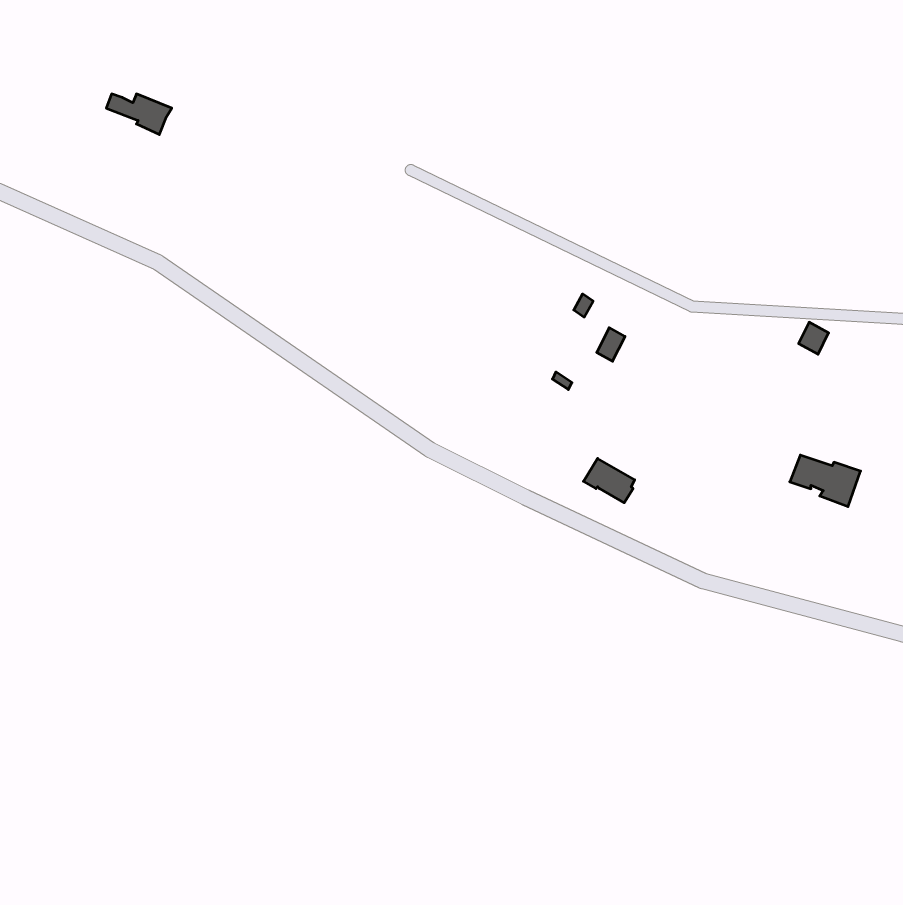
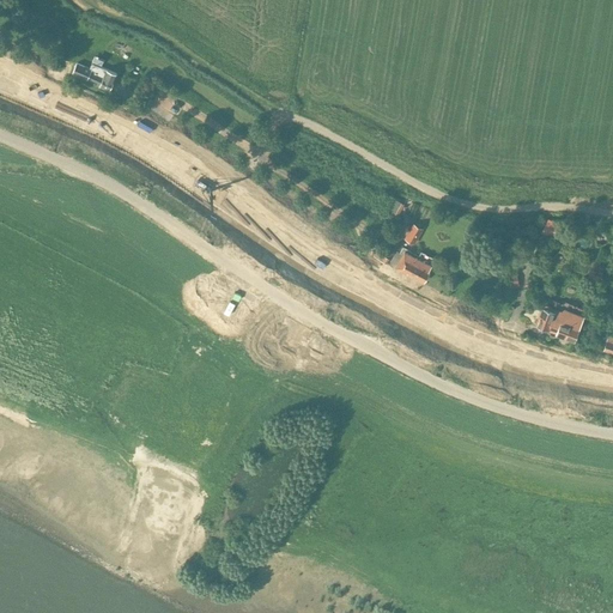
building: [583,458,635,503] -> [395,251,430,281]

